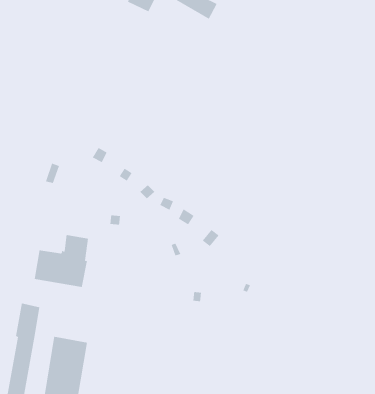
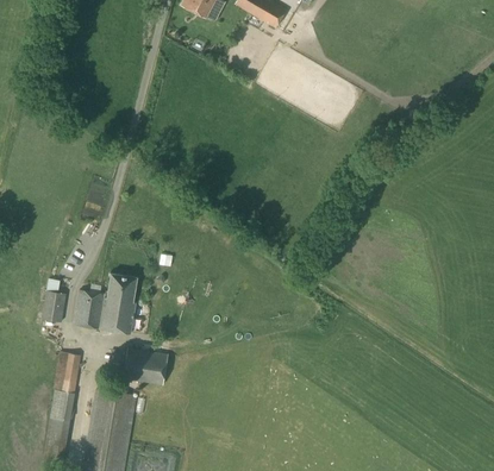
building: none -> [42,290,65,322]
building: none -> [123,347,168,384]

